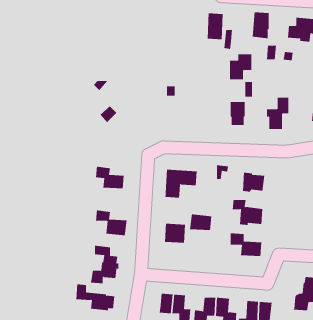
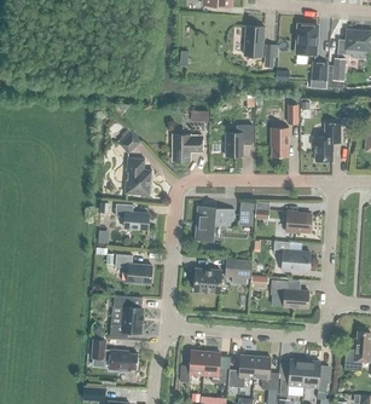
building: [229,54,252,80] -> [226,125,253,155]
building: none -> [173,133,202,160]
building: none -> [124,157,152,195]

